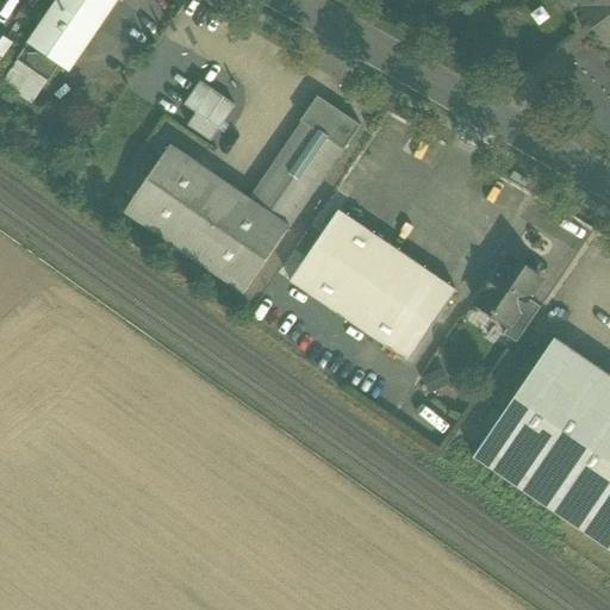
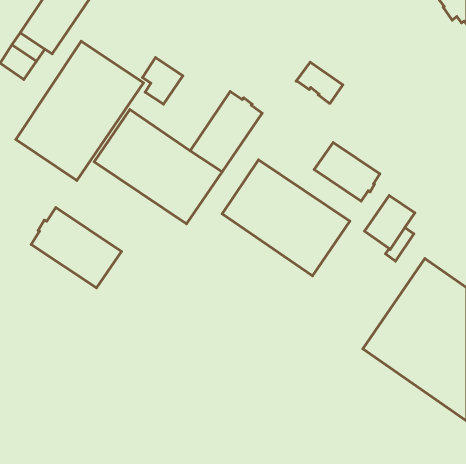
building: none -> [16,41,143,181]
building: [300,94,361,148] -> [296,62,343,103]
building: none -> [314,142,380,201]
building: none -> [31,207,122,288]

